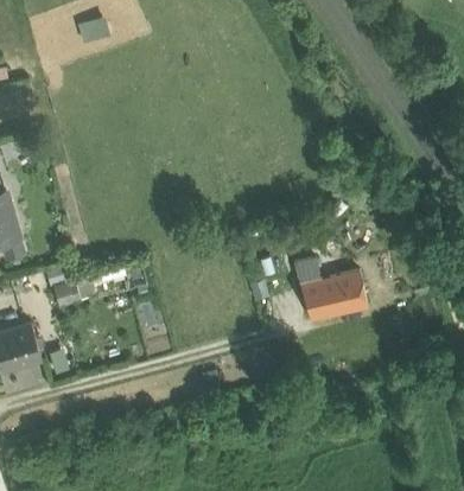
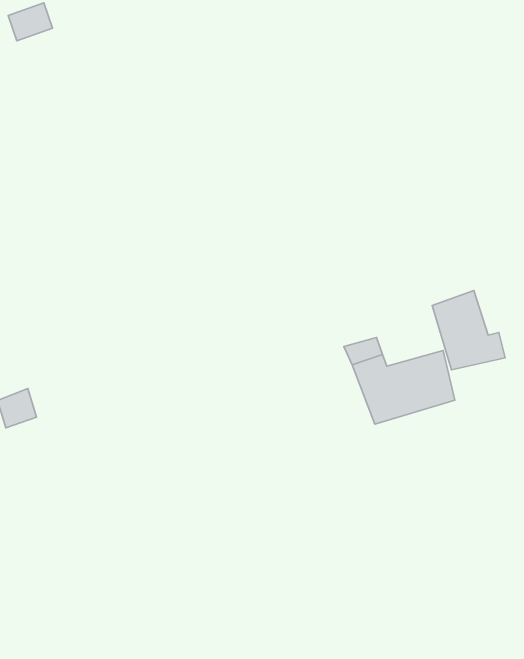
building: none -> [432,291,505,370]

